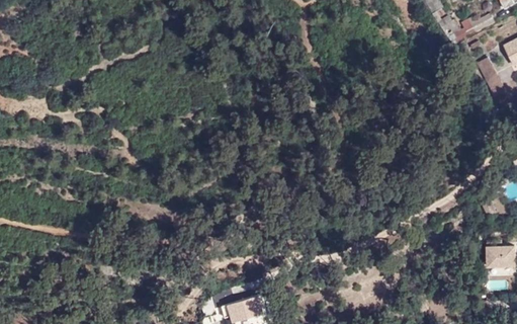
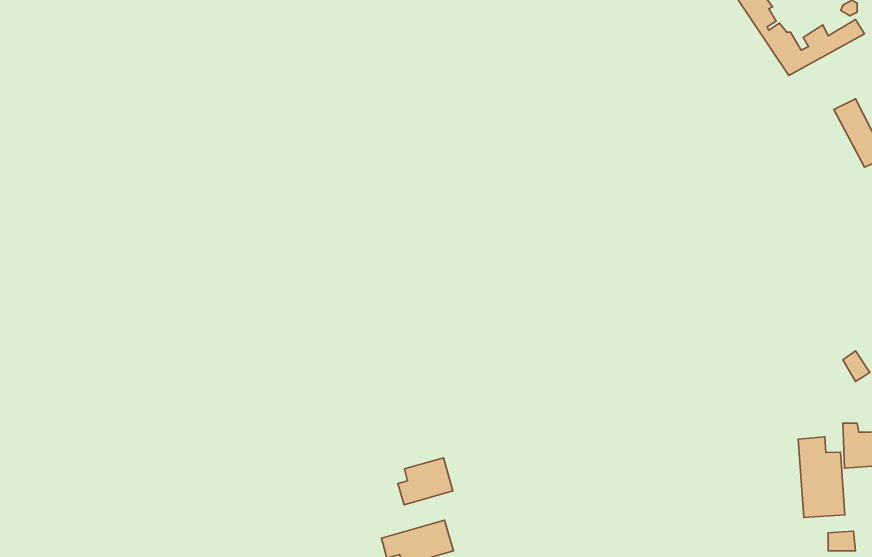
building: none -> [798,437,845,517]
building: none -> [398,458,453,505]

